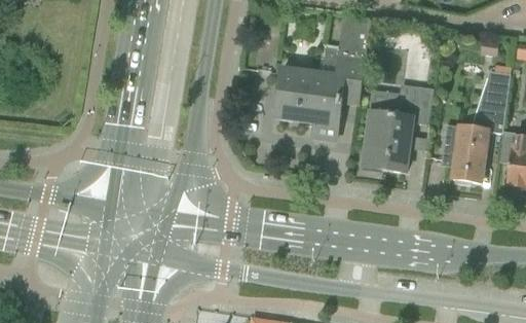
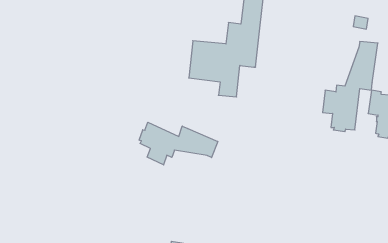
building: [365,84,434,171] -> none
building: none -> [139,122,218,165]

